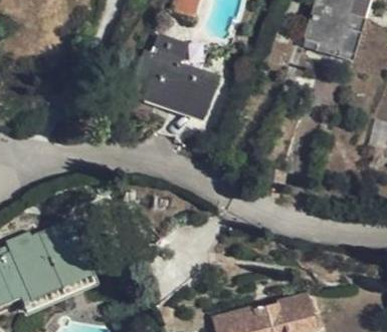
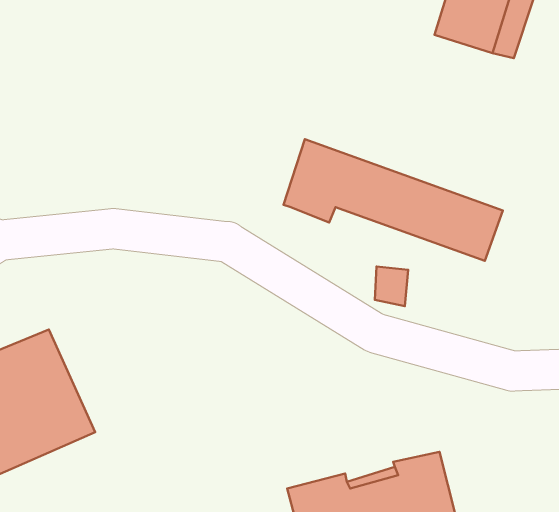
building: [128,32,216,120] -> none
building: none -> [284,139,503,261]

